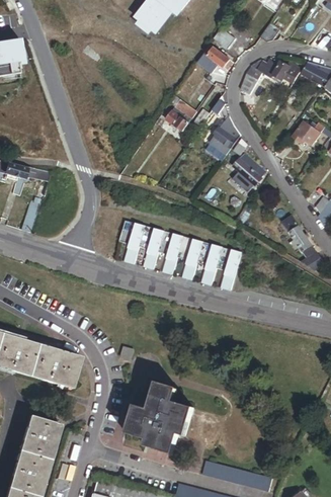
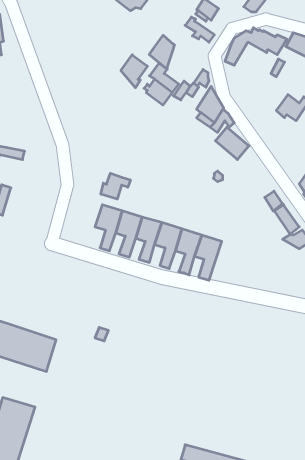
building: none -> [149,35,174,69]
building: none -> [121,55,147,88]
building: none -> [101,173,130,199]
building: [122,380,188,451] -> none

